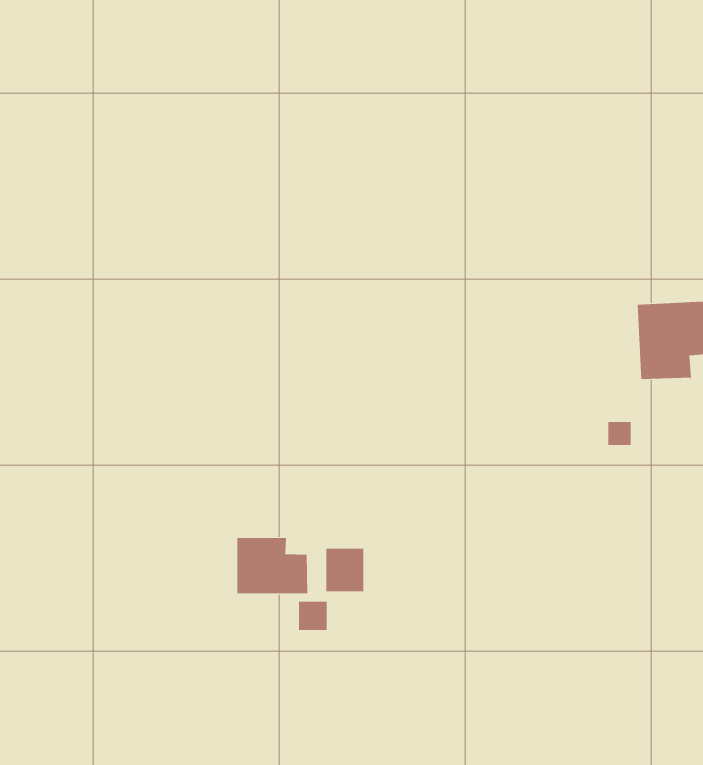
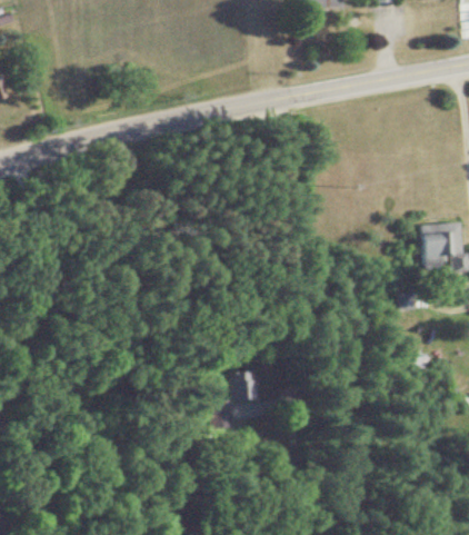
building: [237,537,308,594] -> none

